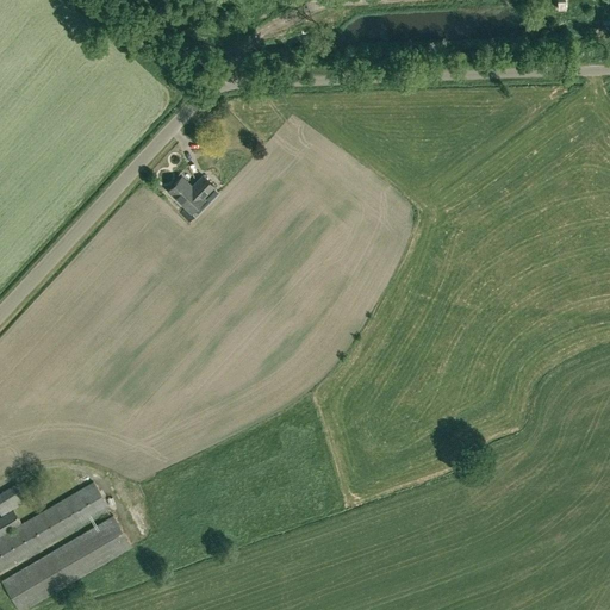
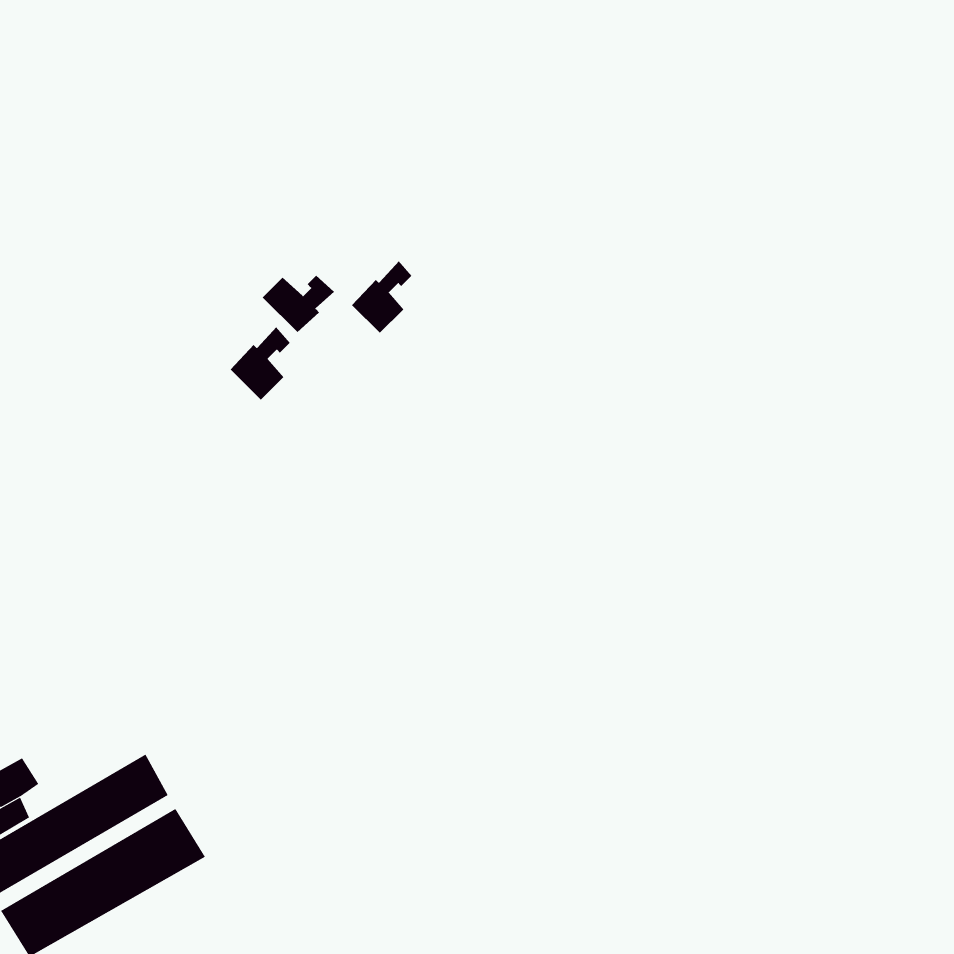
building: none -> [351,260,412,334]
building: none -> [230,326,291,400]

